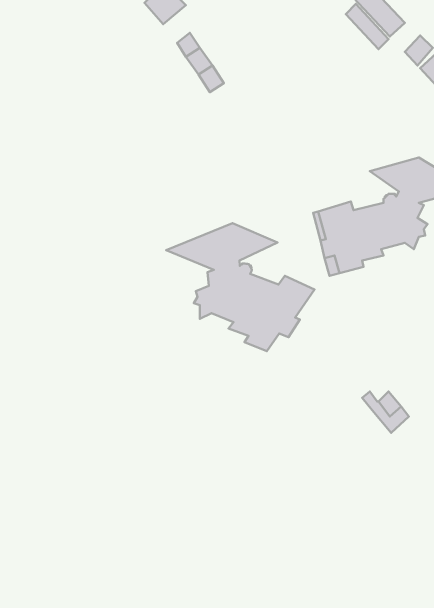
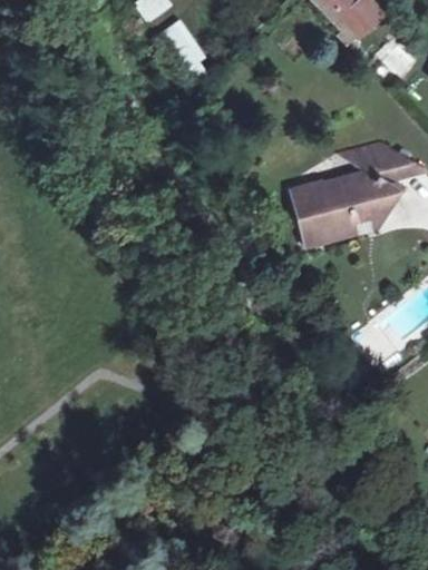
building: [166,223,314,351] -> none

